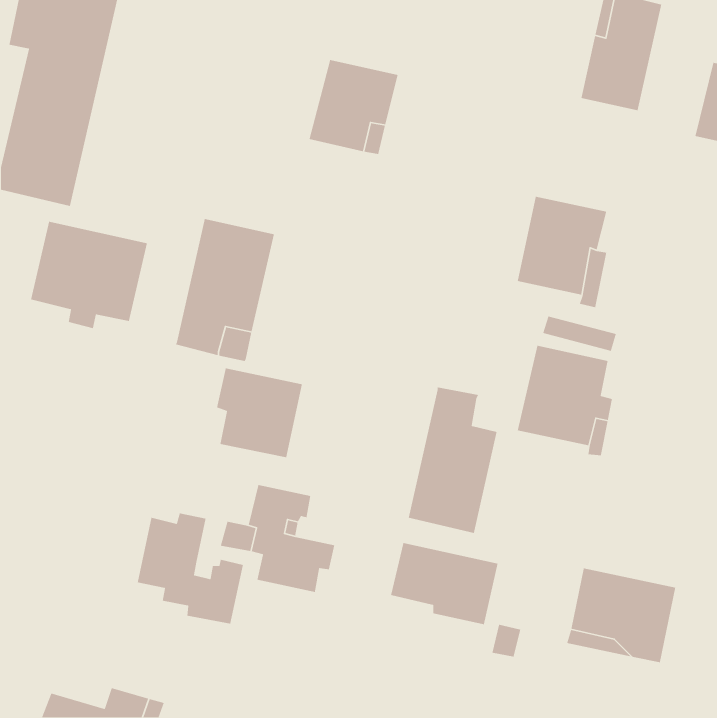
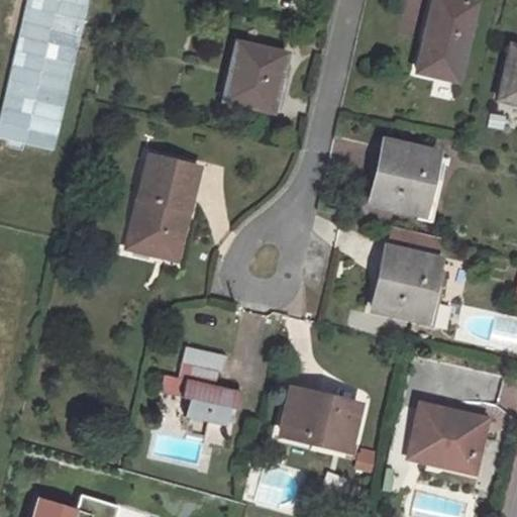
building: [30,221,148,329] -> none
building: [216,368,303,458] -> none
building: [408,386,498,534] -> none
building: [137,512,244,624] -> none

